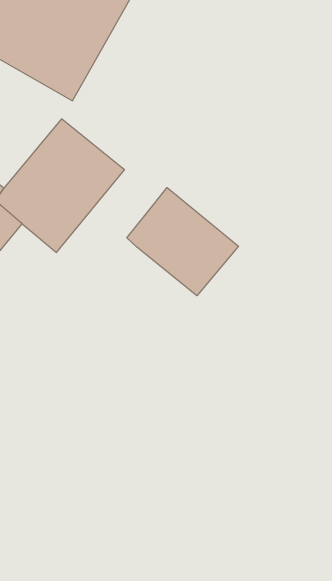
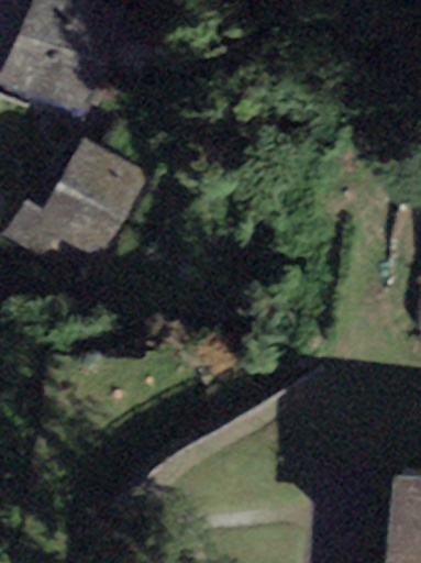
building: [127,188,238,296] -> none

